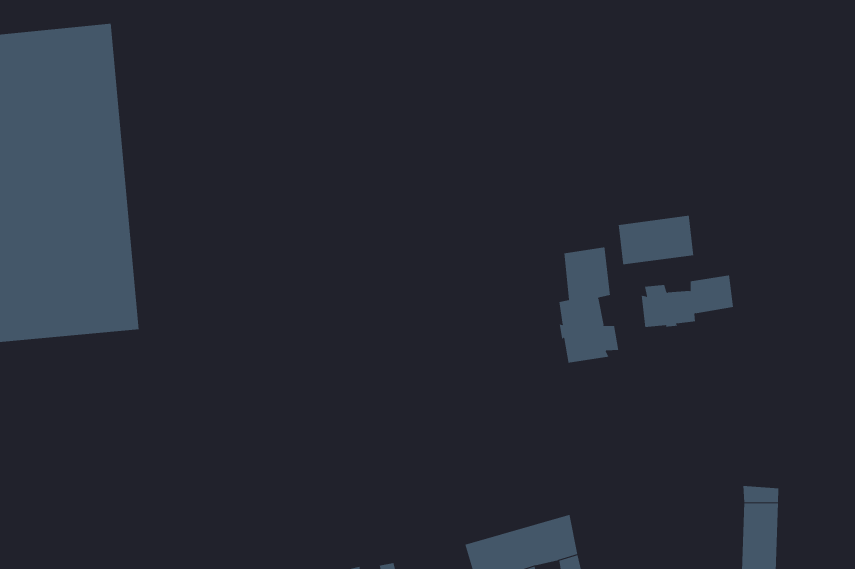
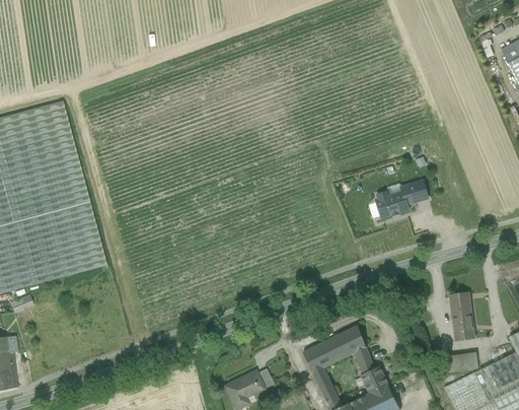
building: [618,215,694,265] -> none
building: [559,247,619,363] -> none

